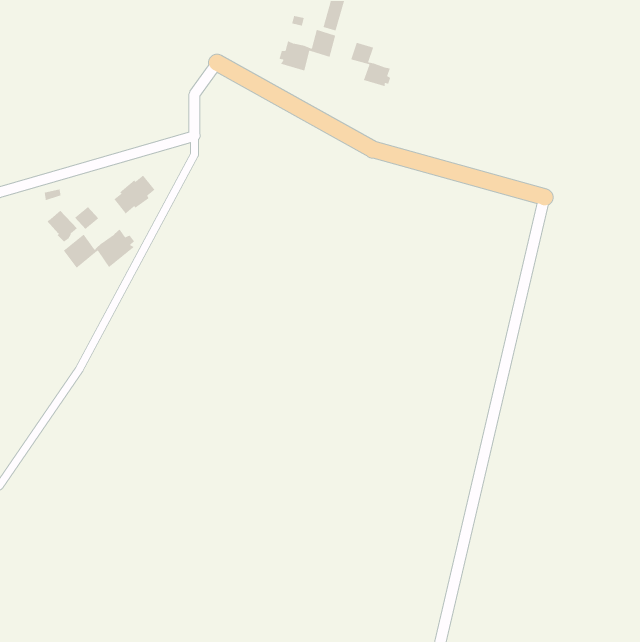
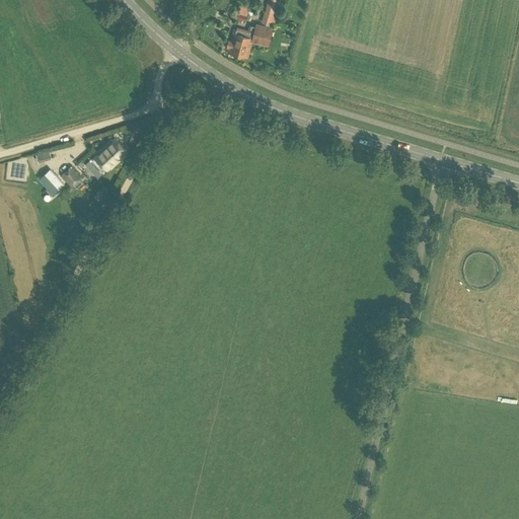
building: [350,42,391,87] -> none
building: [63,228,135,269] -> none

